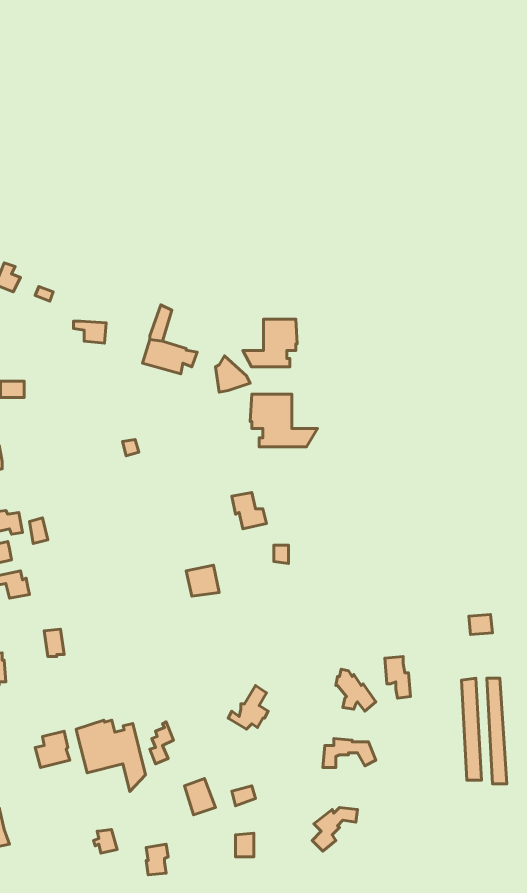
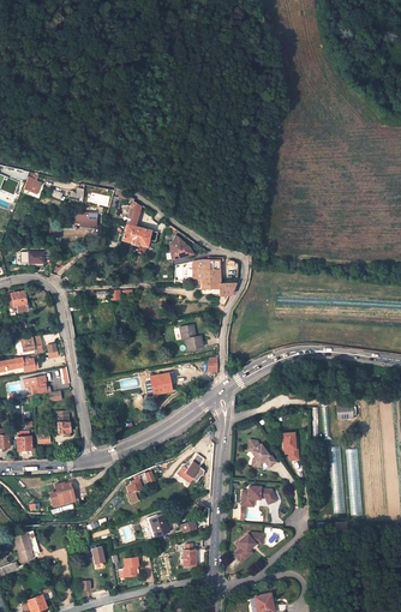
building: [243,319,297,367] -> none
building: [76,720,146,792] -> none

